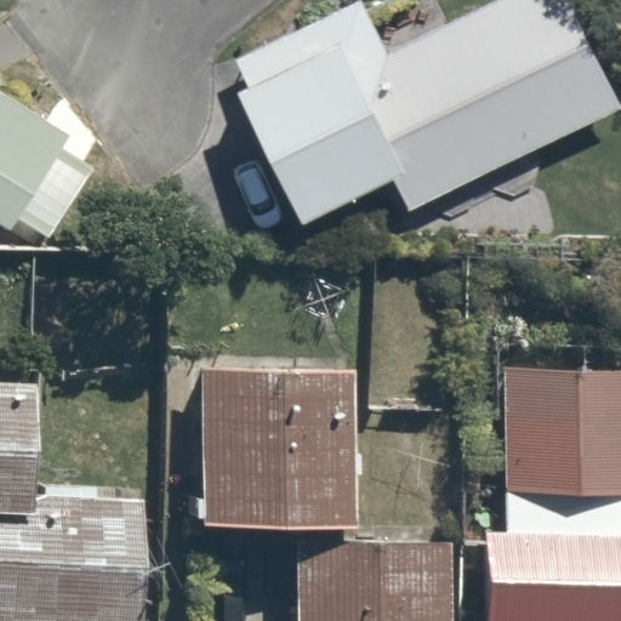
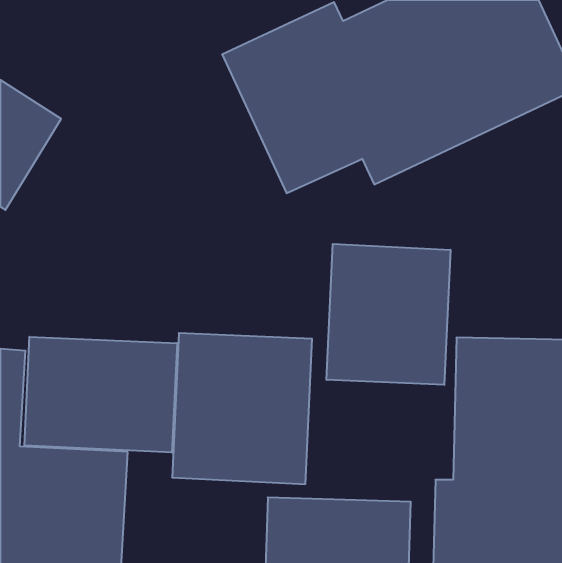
building: none -> [327,244,450,385]
building: none -> [25,337,177,453]

